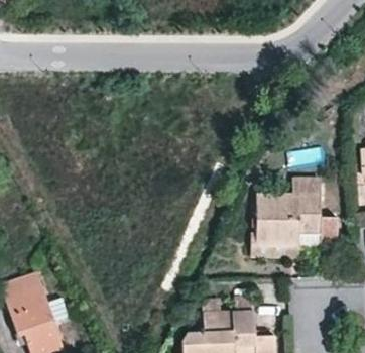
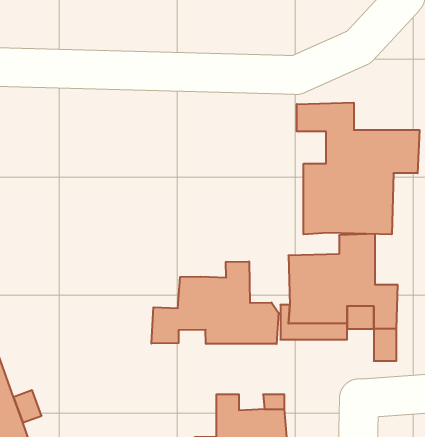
building: none -> [297,103,419,234]
building: none -> [151,261,279,344]

